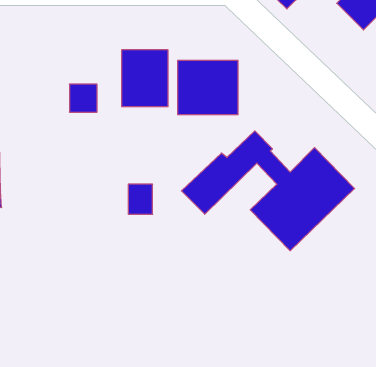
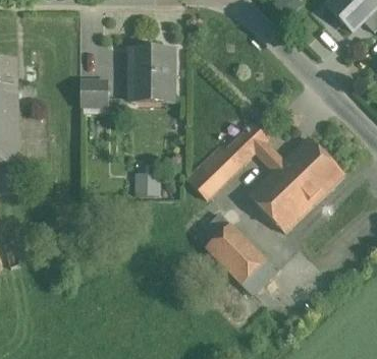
building: [178,60,238,115] -> none
building: none -> [196,214,277,296]

